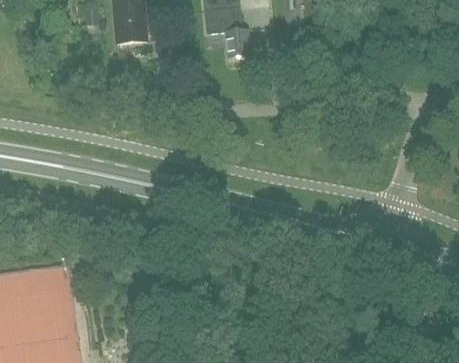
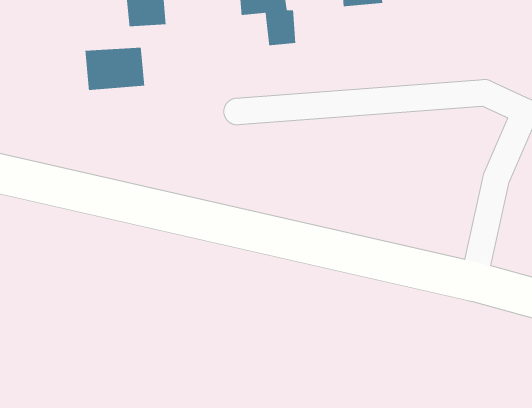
building: none -> [84,47,145,91]

